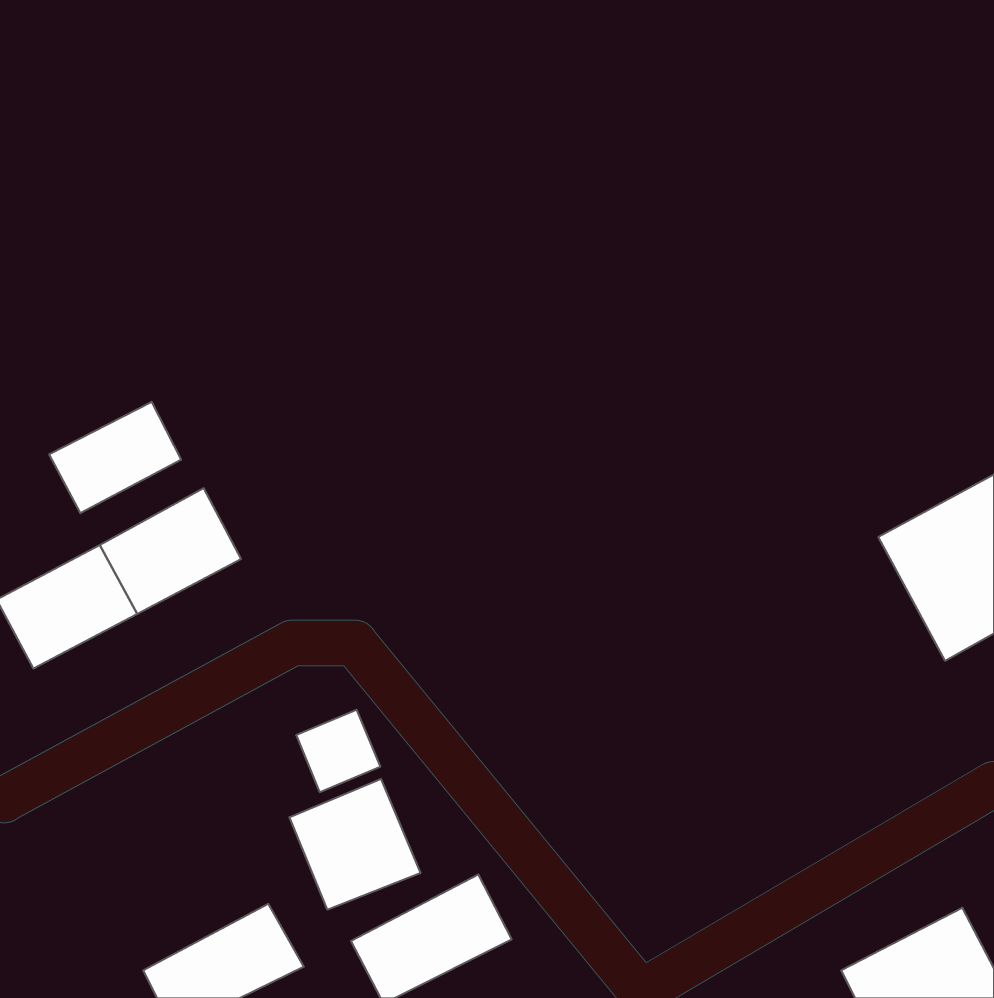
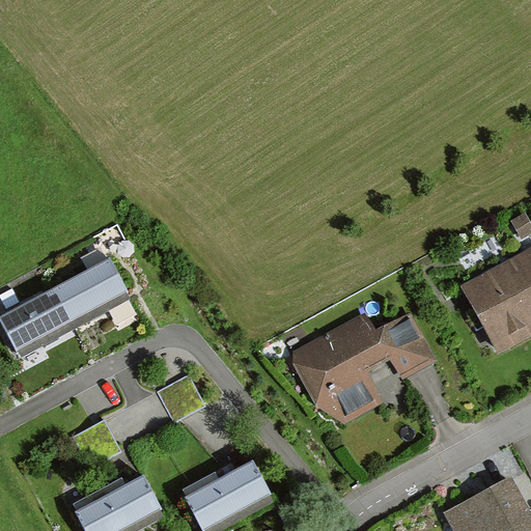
building: [49,402,181,513] -> none
building: none -> [291,313,434,422]
building: [289,779,420,910] -> none

